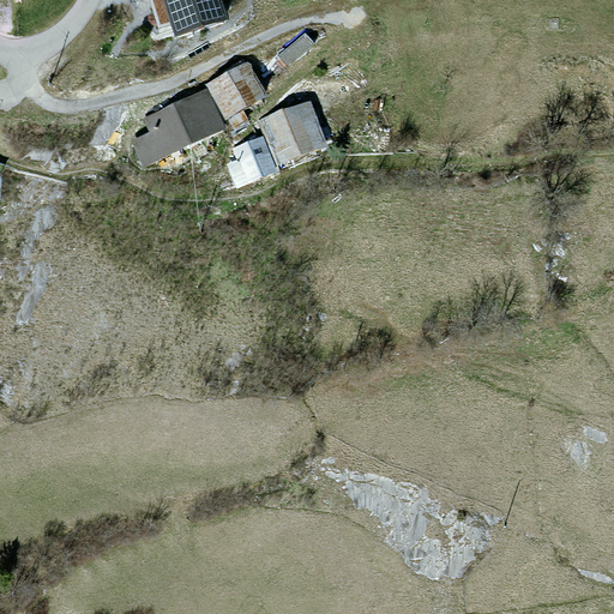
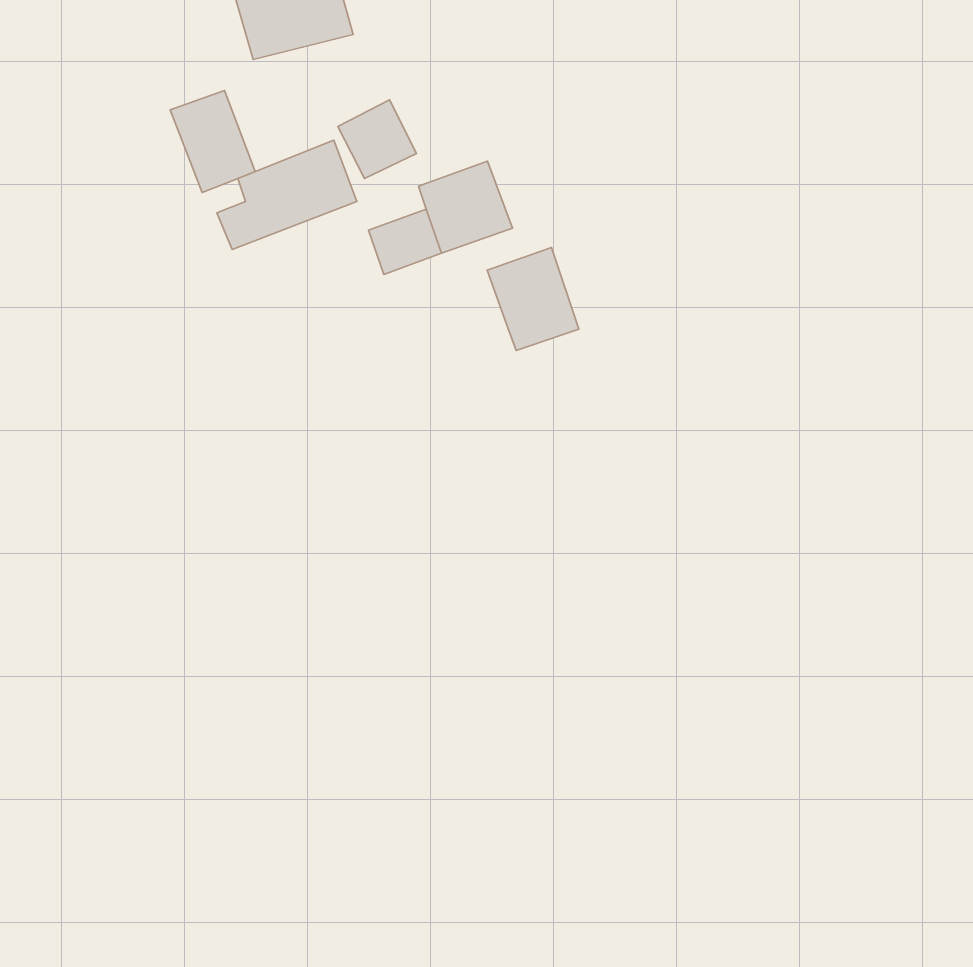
building: none -> [170,90,255,192]
building: none -> [487,248,579,350]

